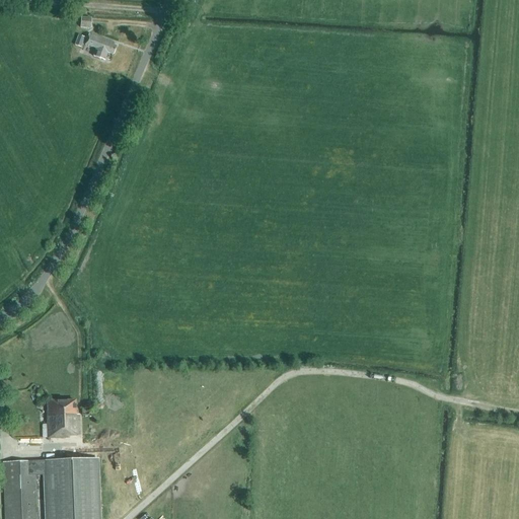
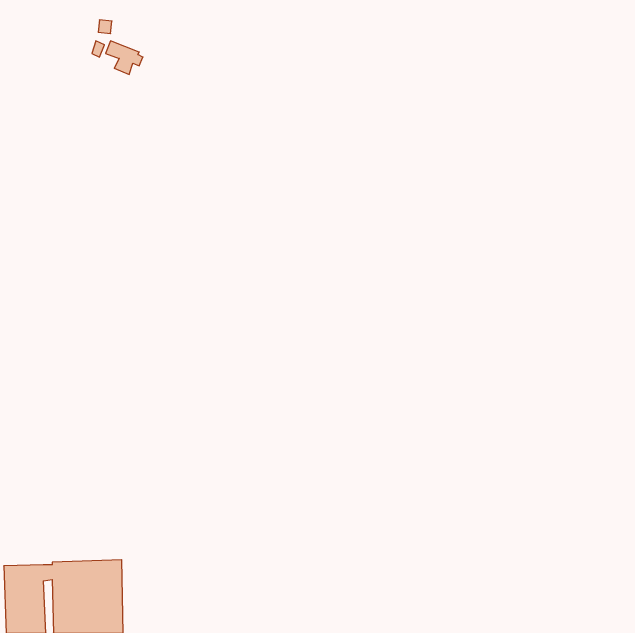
building: [43,401,79,438] -> none

